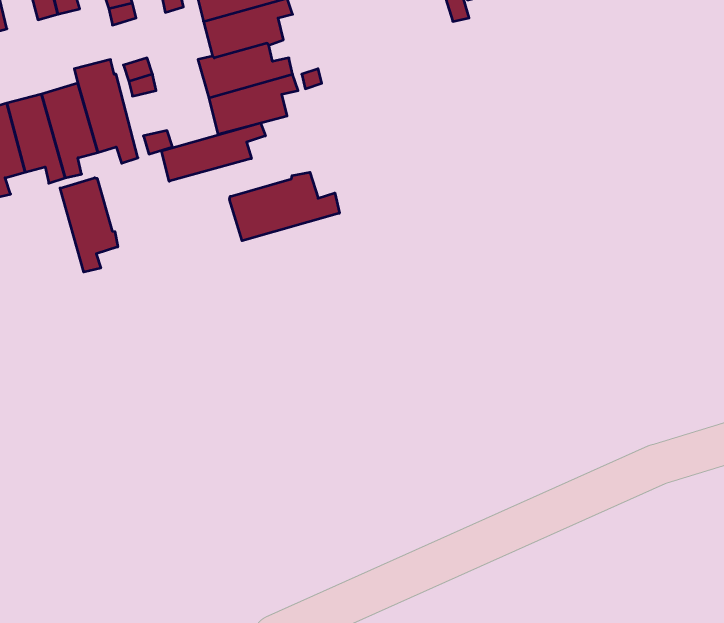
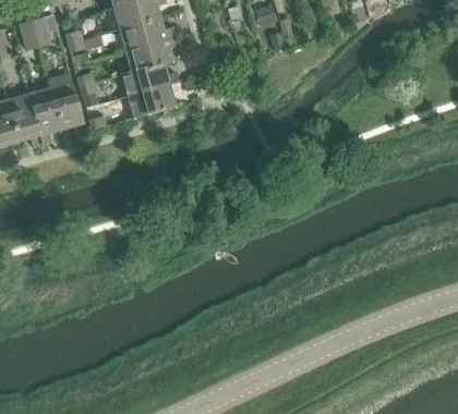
building: [161,123,265,181] -> none
building: [230,172,339,241] -> none
building: [60,178,118,272] -> none

